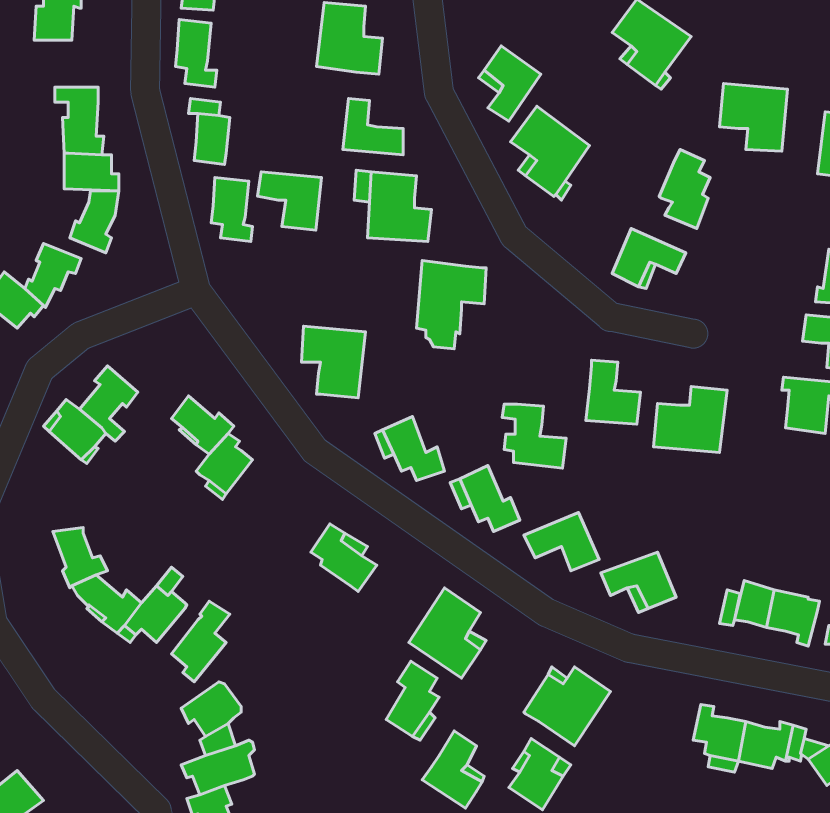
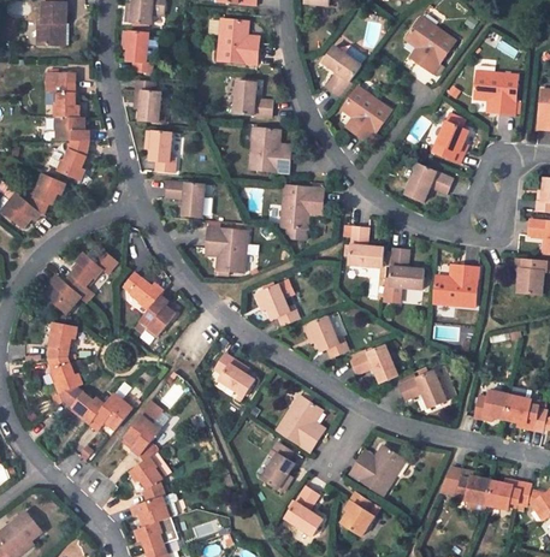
building: [257,172,322,230] -> [165,180,206,218]
building: [502,404,566,468] -> [342,226,383,267]
building: none -> [48,320,77,357]

